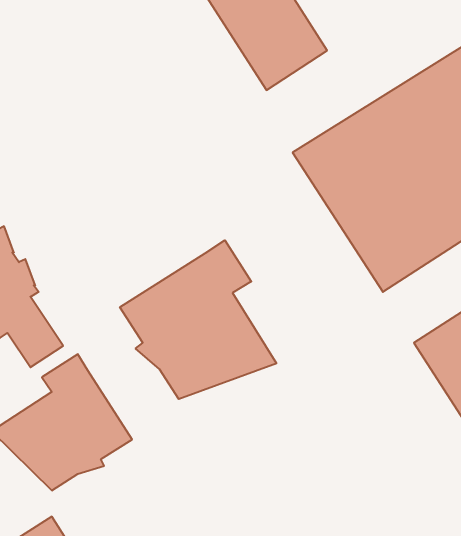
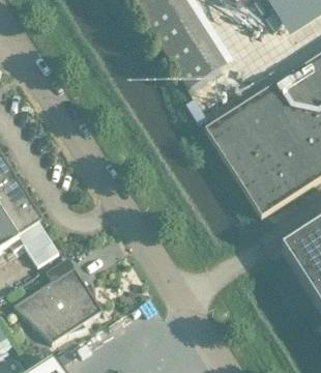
building: [120,240,276,399] -> none

